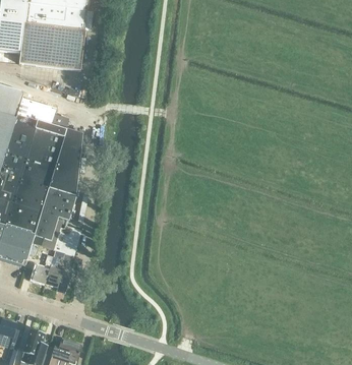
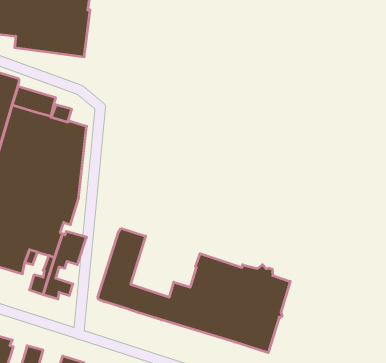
building: none -> [98,229,290,353]

